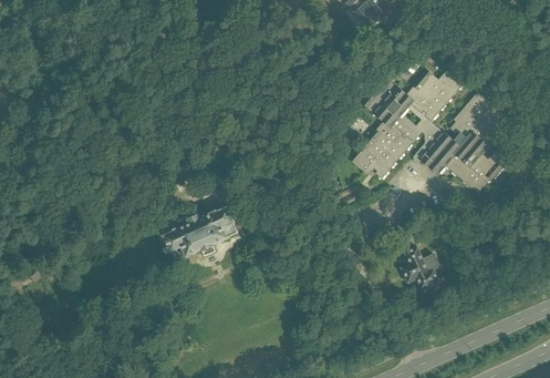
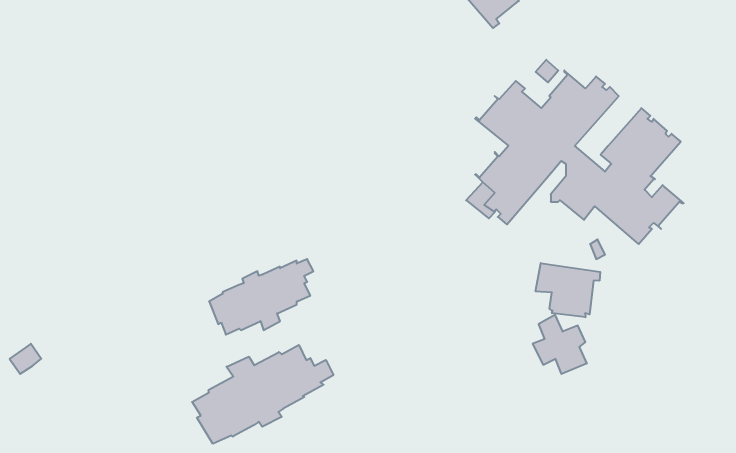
building: none -> [536,263,600,317]
building: none -> [192,345,333,444]

